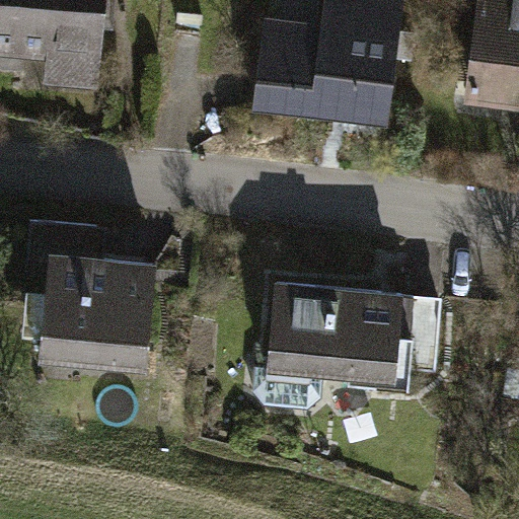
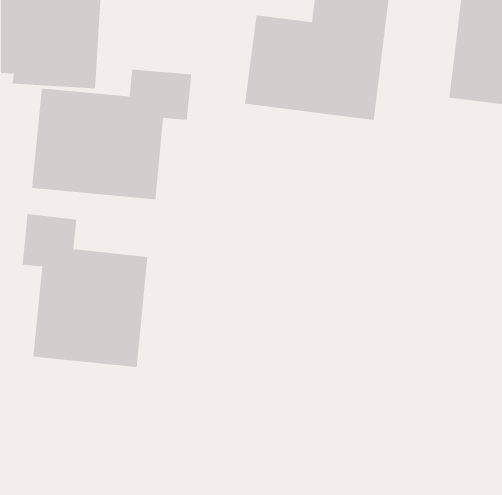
building: none -> [32,69,192,200]
building: [260,281,442,414] -> none

